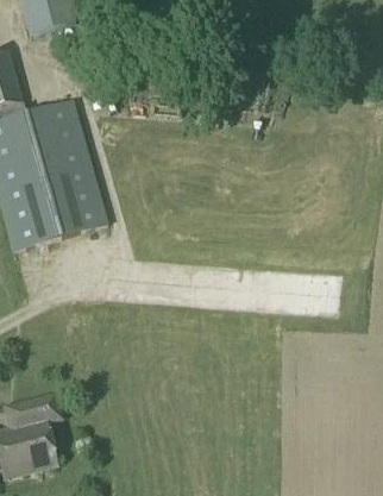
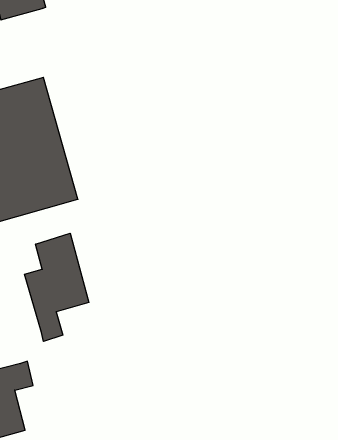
building: none -> [24,233,89,341]

